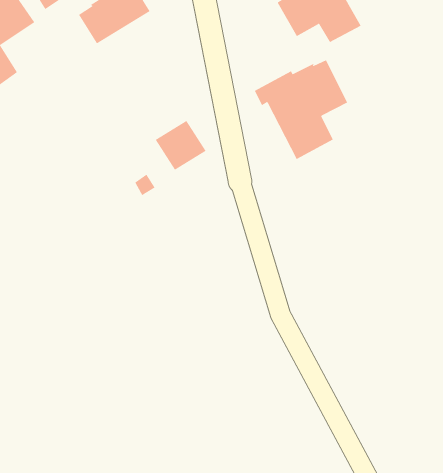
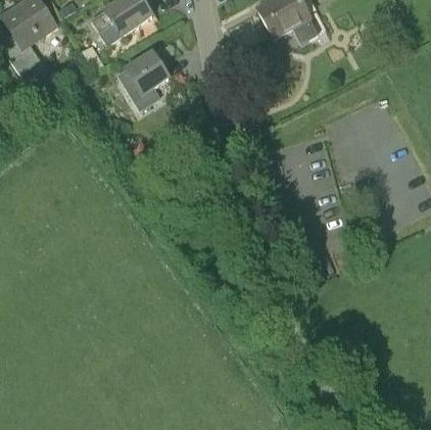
building: [254,60,348,160] -> none
building: [155,120,207,170] -> [126,51,169,93]

